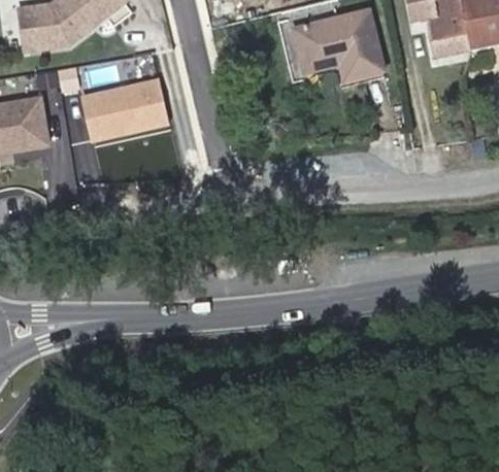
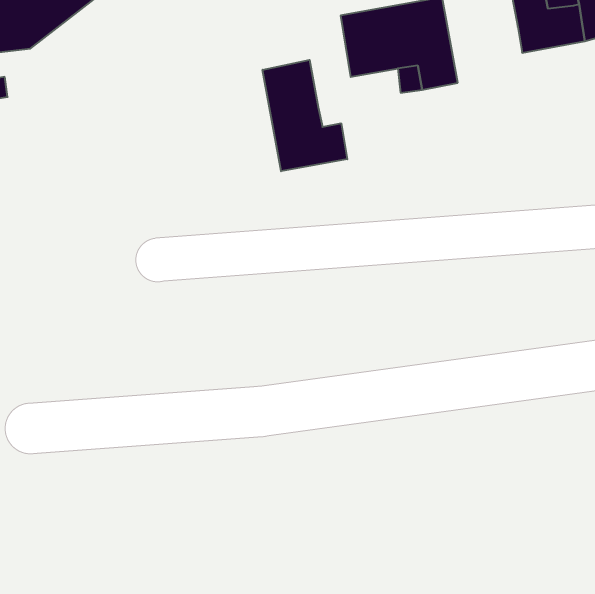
building: none -> [263,60,347,171]
building: [84,85,169,145] -> none

